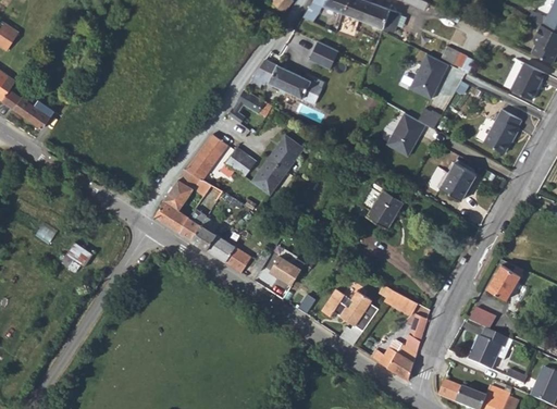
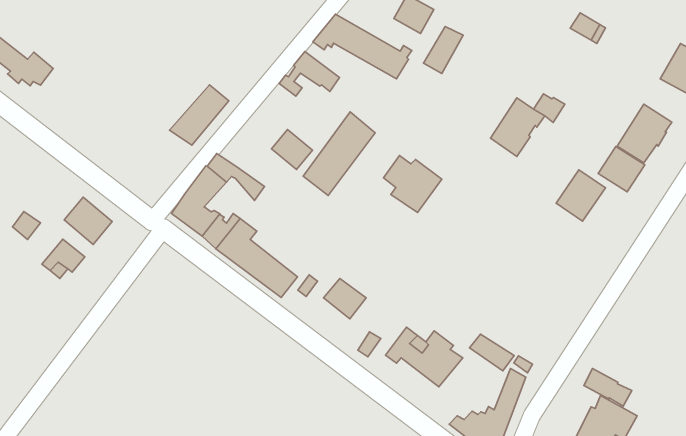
building: [408,54,447,100] -> none
building: none -> [424,26,463,73]
building: [185,134,227,179] -> [170,85,229,145]
building: none -> [598,147,645,192]
building: [360,187,404,228] -> [383,156,442,213]
building: none -> [64,197,112,244]
building: [486,264,520,301] -> none

